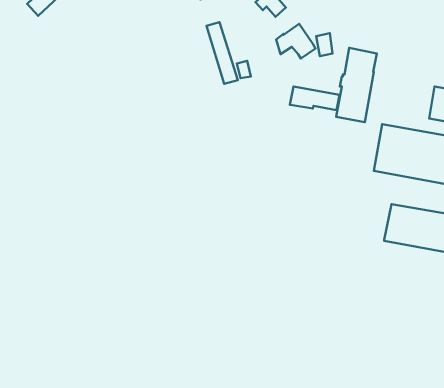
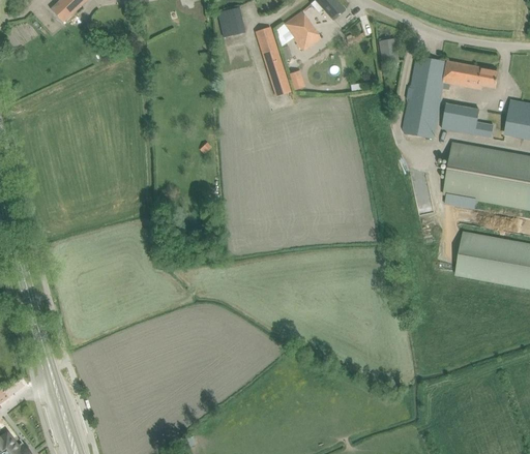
building: none -> [218,6,245,36]
building: [276,24,316,59] -> [275,11,320,51]
building: [290,86,339,110] -> [443,61,499,88]
building: none -> [442,102,479,133]

